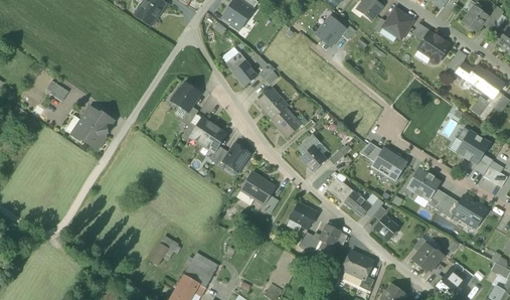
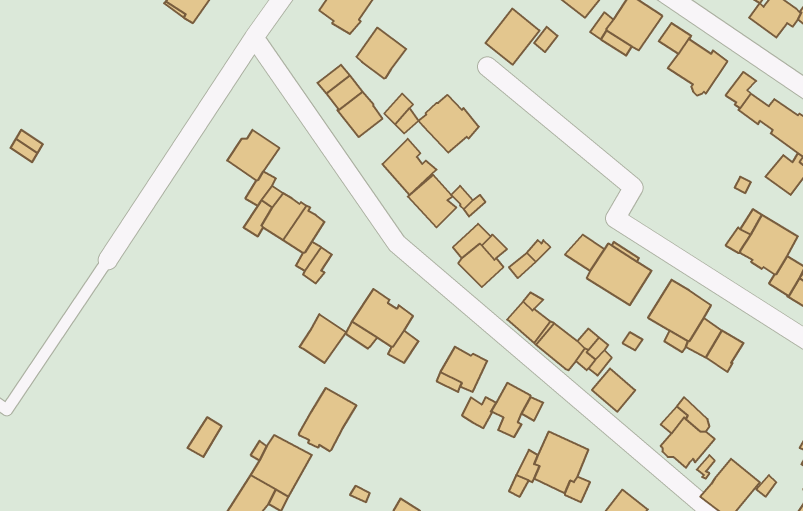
building: none -> [356,28,406,79]
building: none -> [419,95,479,153]
building: [74,106,114,150] -> none
building: [223,143,249,170] -> [299,314,346,363]
building: [452,194,487,228] -> none
building: none -> [299,388,356,451]

